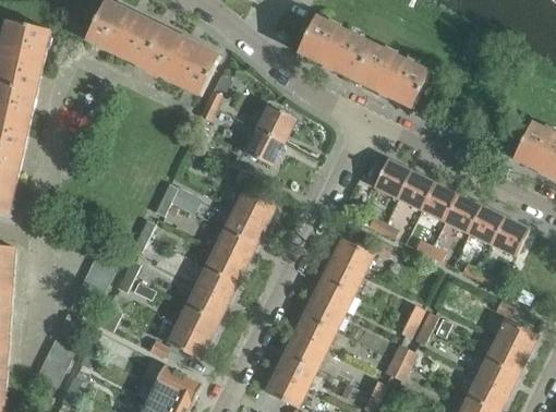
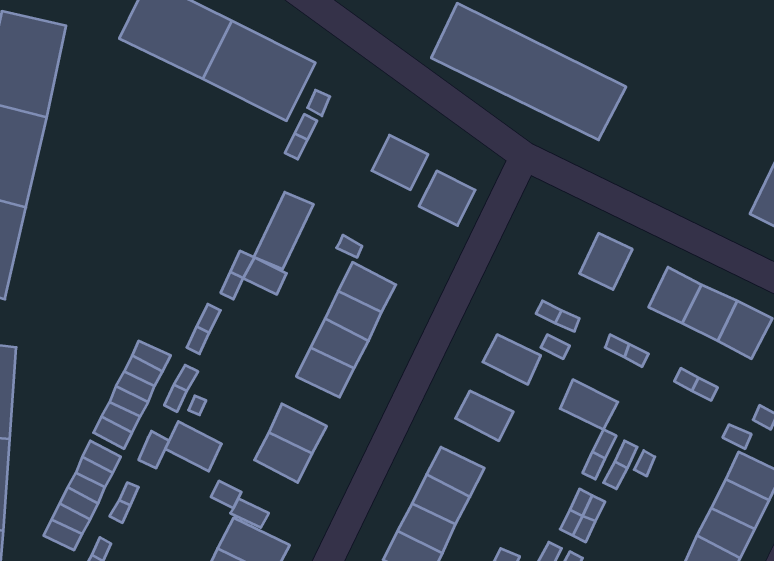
building: [245,129,283,166] -> [419,171,475,226]
building: none -> [254,192,313,269]
building: [373,159,411,198] -> none
building: [421,182,458,221] -> none
building: [324,258,363,292] -> [560,380,618,429]
building: [196,268,235,302] -> none
building: [304,296,343,330] -> none
building: [169,325,207,359] -> [165,421,222,471]

